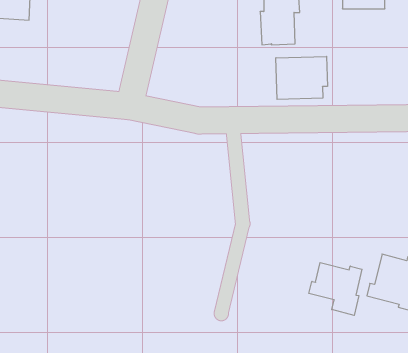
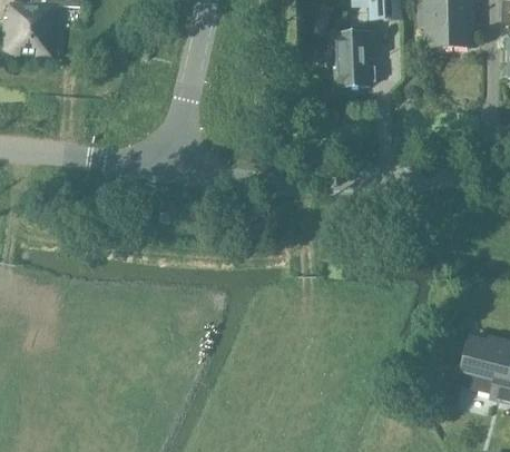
building: [276,56,327,99] -> none
building: [309,263,362,315] -> none

